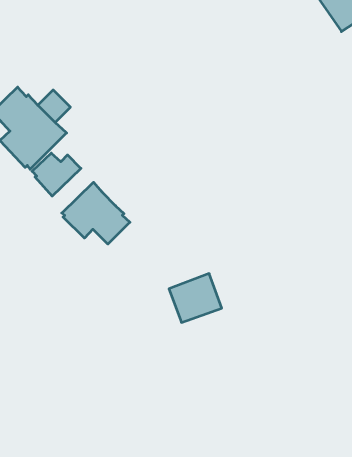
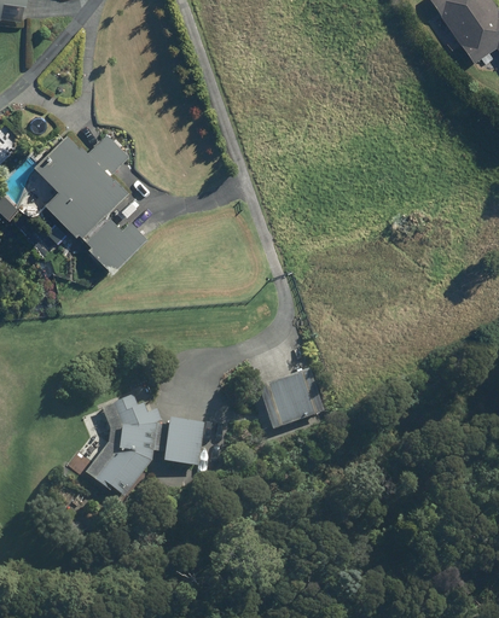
building: [62,182,130,244] -> none
building: none -> [85,393,204,496]

